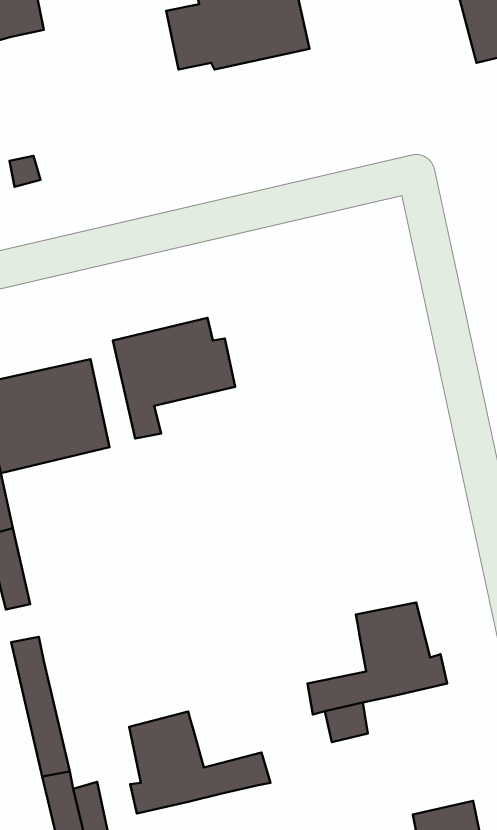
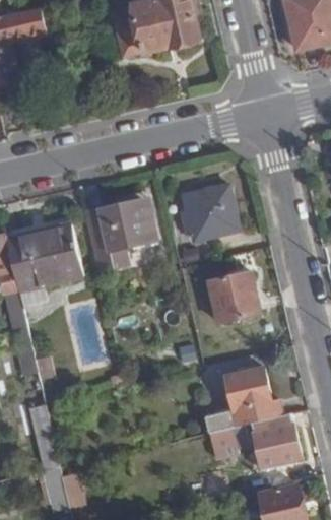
building: none -> [182,186,239,240]
building: none -> [211,272,261,323]
building: none -> [252,413,301,467]
building: [129,712,270,814] -> none

